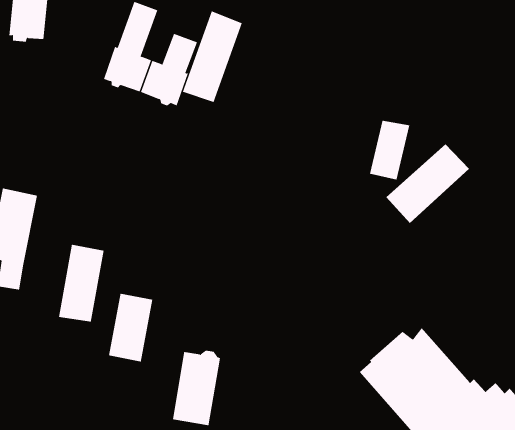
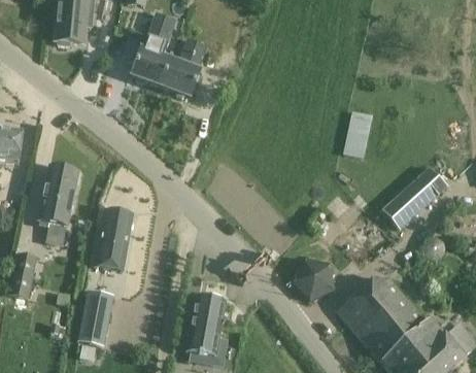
building: [182,11,242,103] -> none
building: [385,143,470,224] -> [381,165,449,230]
building: [108,293,153,362] -> [77,290,113,345]
building: none -> [291,259,334,302]

